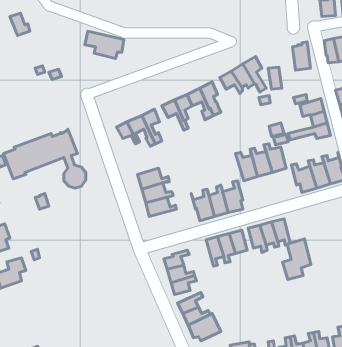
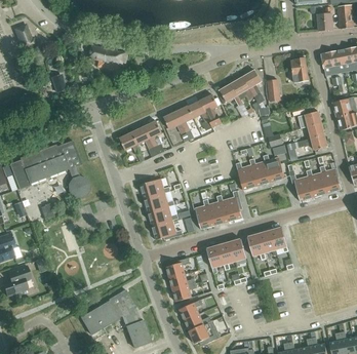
building: none -> [151,218,183,239]
building: [282,239,311,279] -> none
building: none -> [80,288,151,346]

